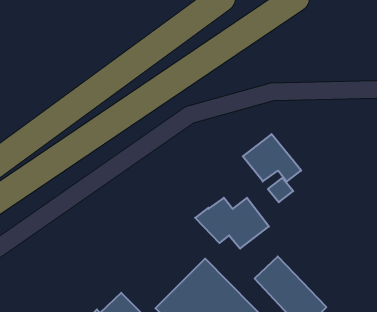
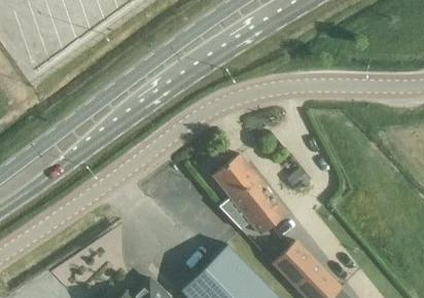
building: [243,134,301,182] -> [213,154,268,198]

